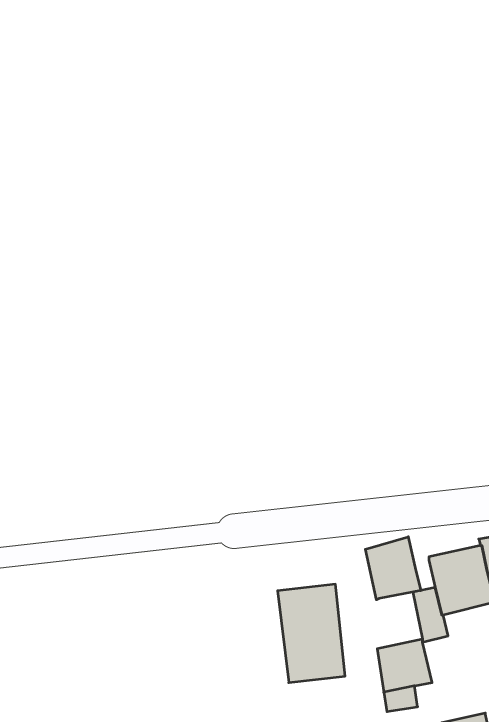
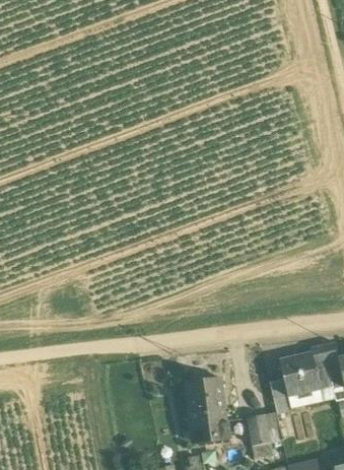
building: [365,537,421,600] -> none

